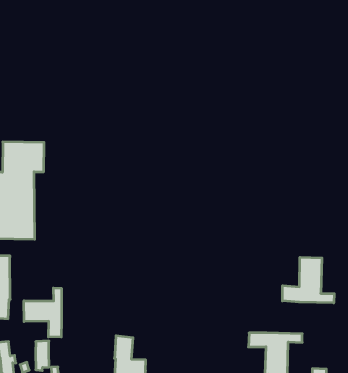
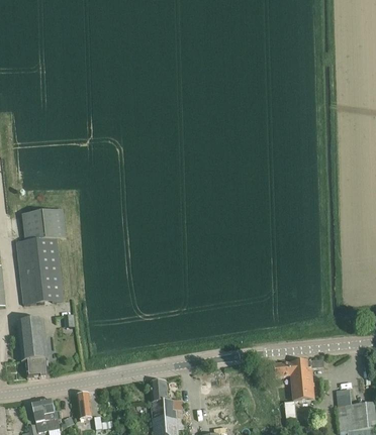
building: [282,257,334,303] -> none
building: [24,288,62,337] -> none

